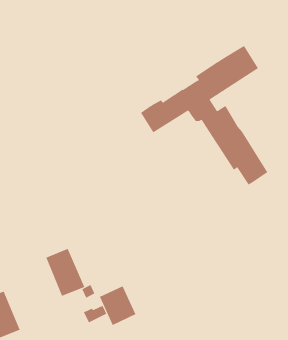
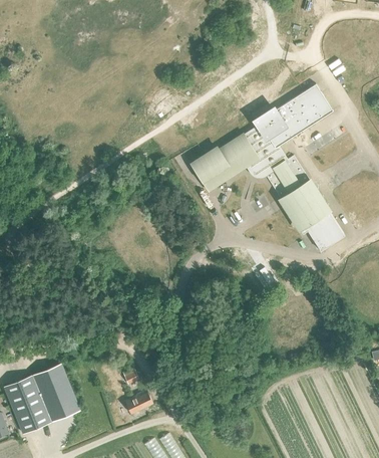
building: [45,248,85,296] -> [32,364,79,421]
building: [99,285,136,326] -> none

